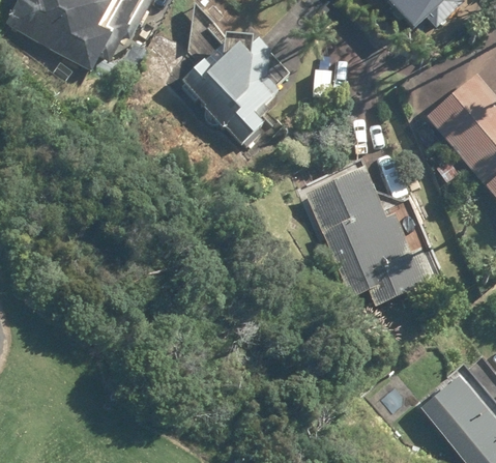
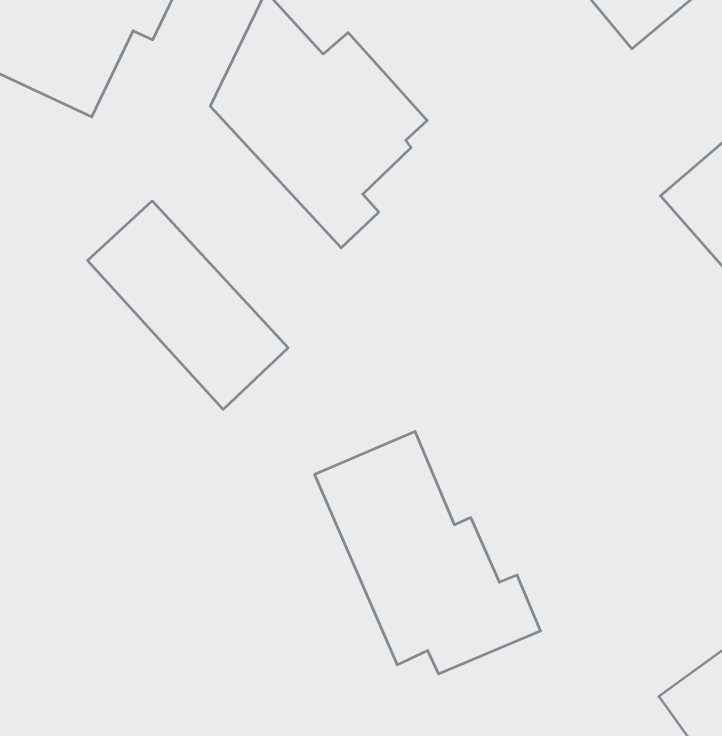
building: none -> [88,201,288,409]
building: [304,163,435,302] -> [315,431,541,674]

